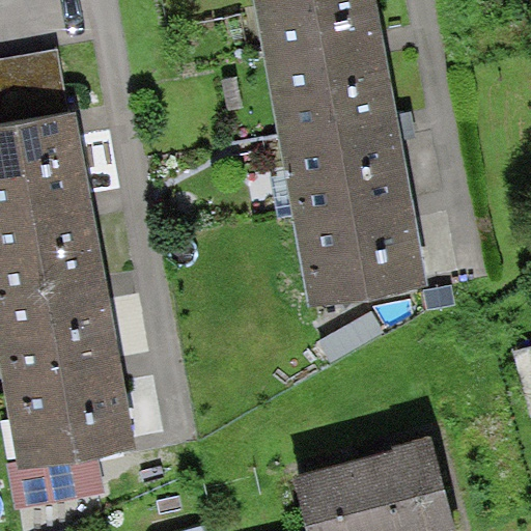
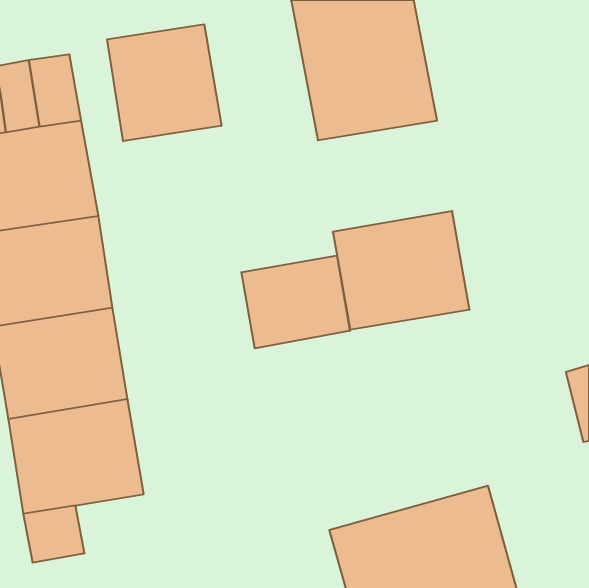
building: none -> [107,24,221,141]
building: [284,112,404,212] -> none
building: none -> [241,255,350,348]

